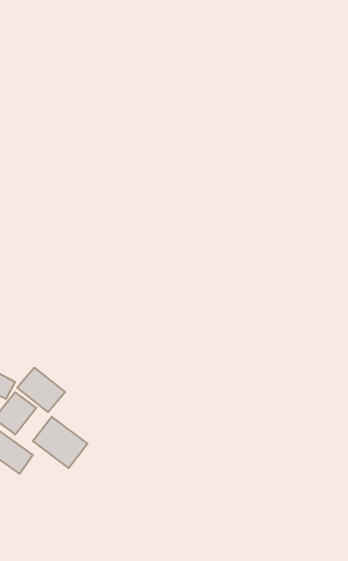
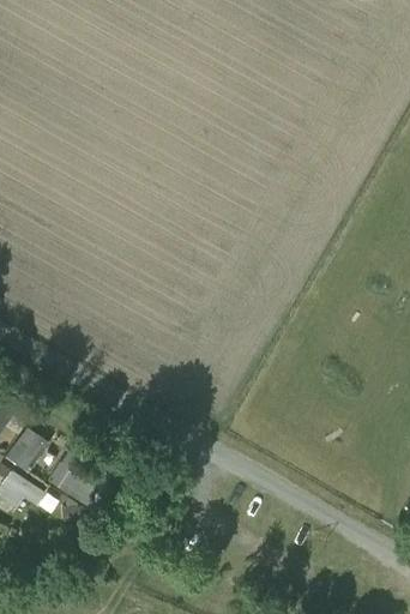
building: [17,368,65,412] -> none

